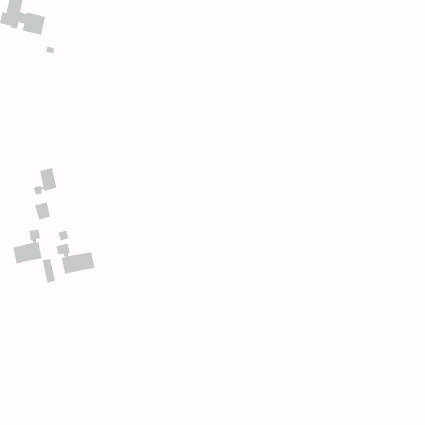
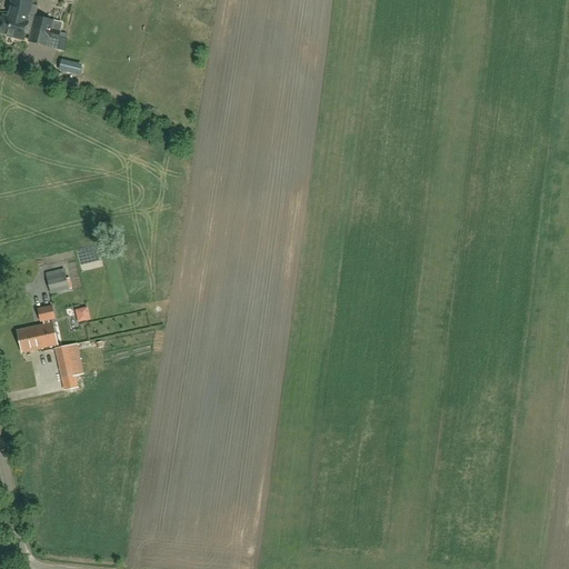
building: [33,167,57,196] -> none
building: [56,243,95,274] -> none

